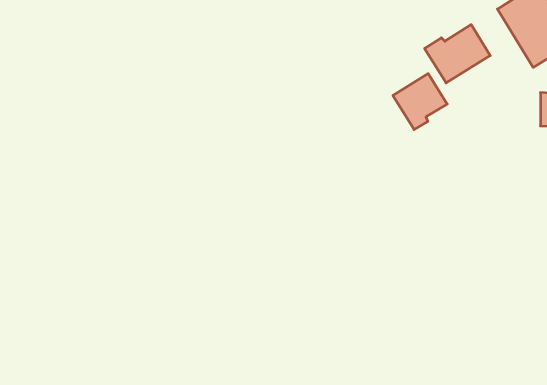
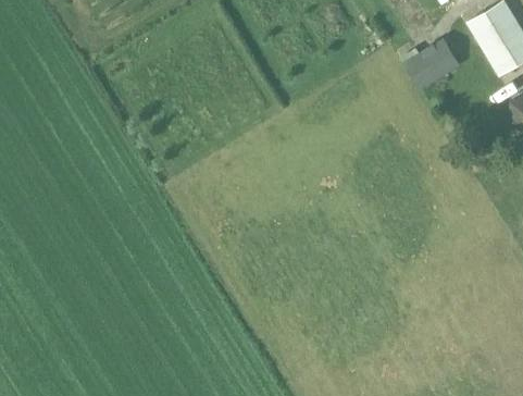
building: [393,74,447,130] -> none

